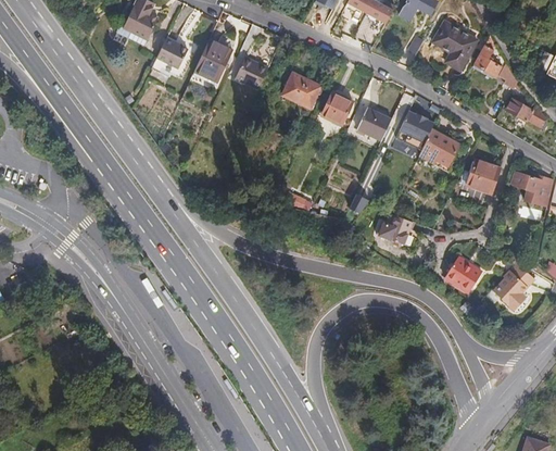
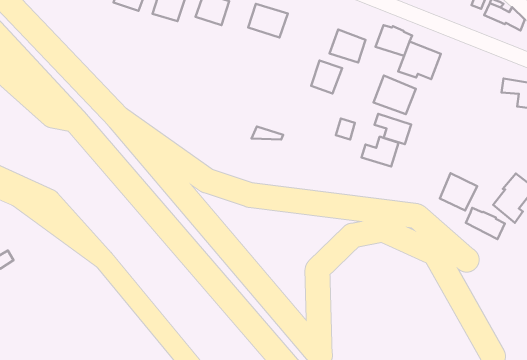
building: [321,91,353,124] -> [311,61,342,93]
building: none -> [374,75,416,114]
building: [467,159,498,188] -> none
building: none -> [375,114,411,144]
building: none -> [466,208,505,239]

